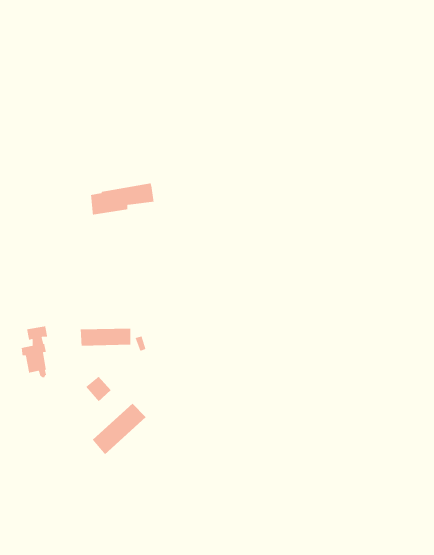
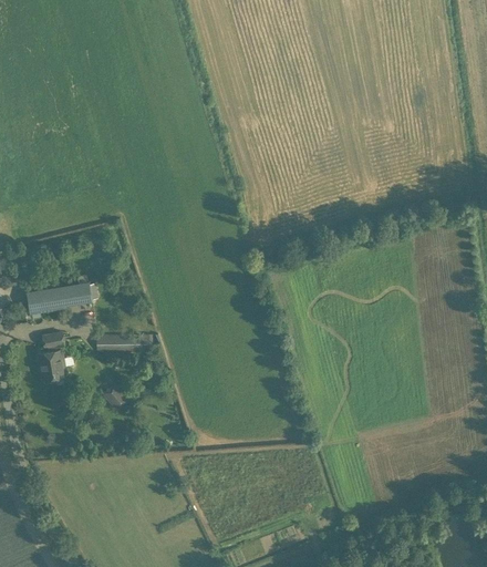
building: [90,183,154,215] -> [27,281,92,315]
building: [92,403,146,455] -> none

